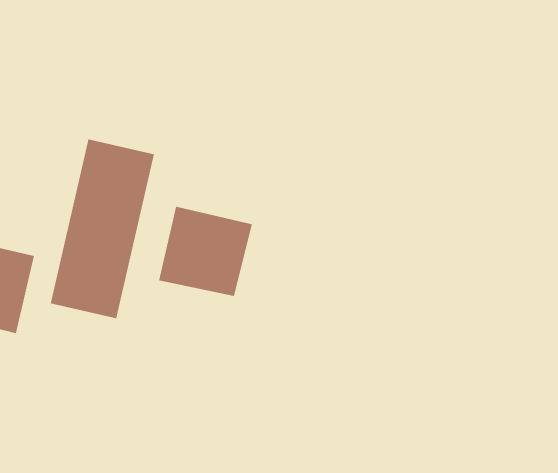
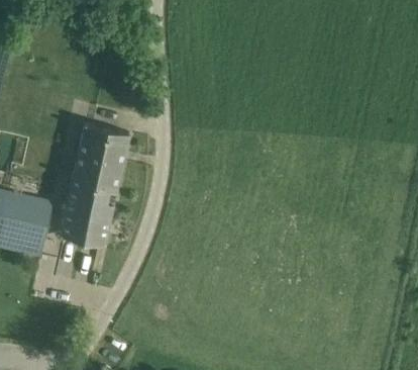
building: [158,206,253,297] -> none

